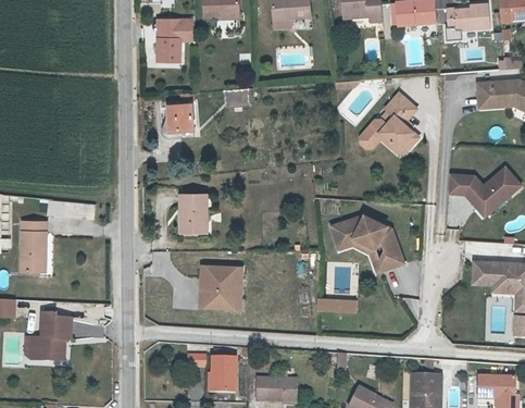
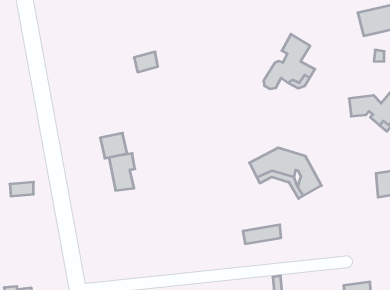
building: [159,26,185,60] -> none
building: [171,106,197,129] -> [100,133,127,158]
building: [192,263,238,309] -> none

